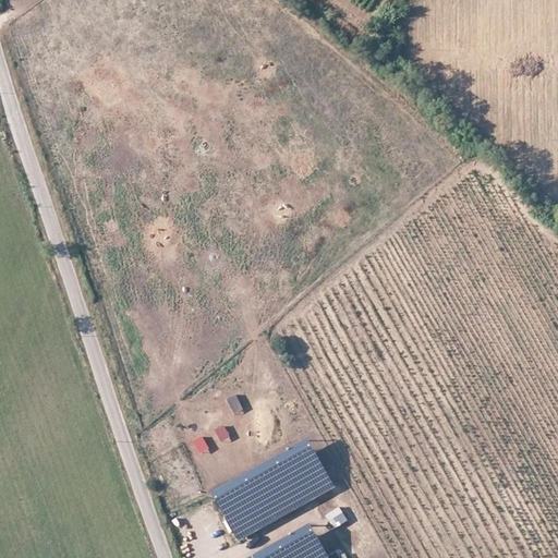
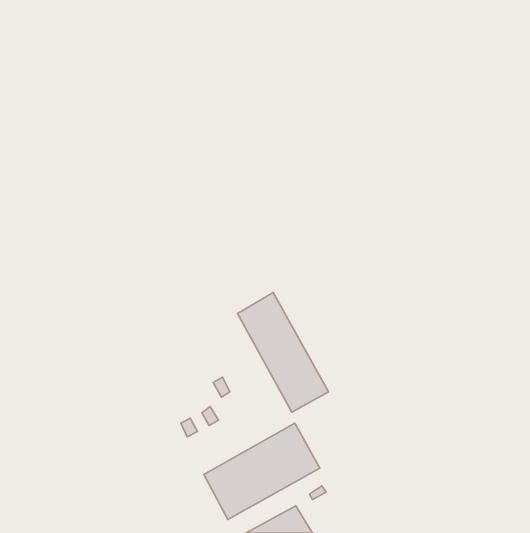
building: none -> [237,293,328,412]

